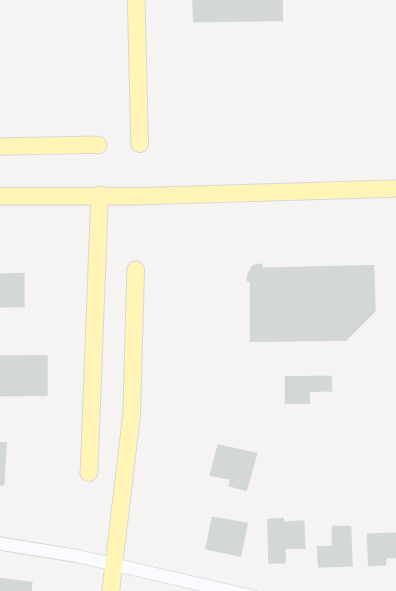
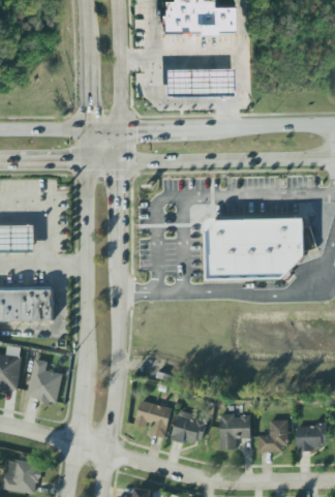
building: none -> [164,69,232,96]
building: [284,375,333,405] -> none
building: [209,443,258,492] -> [133,401,172,438]
building: none -> [26,359,62,403]

